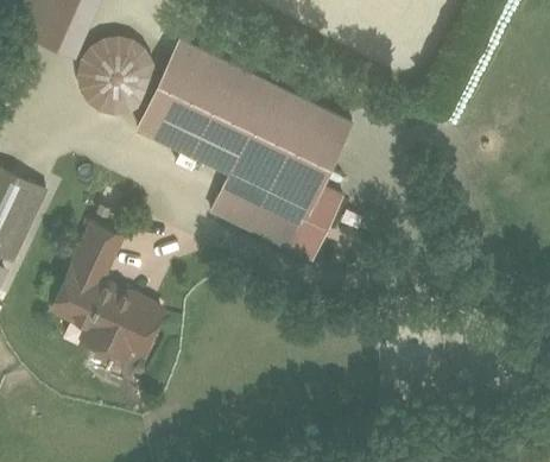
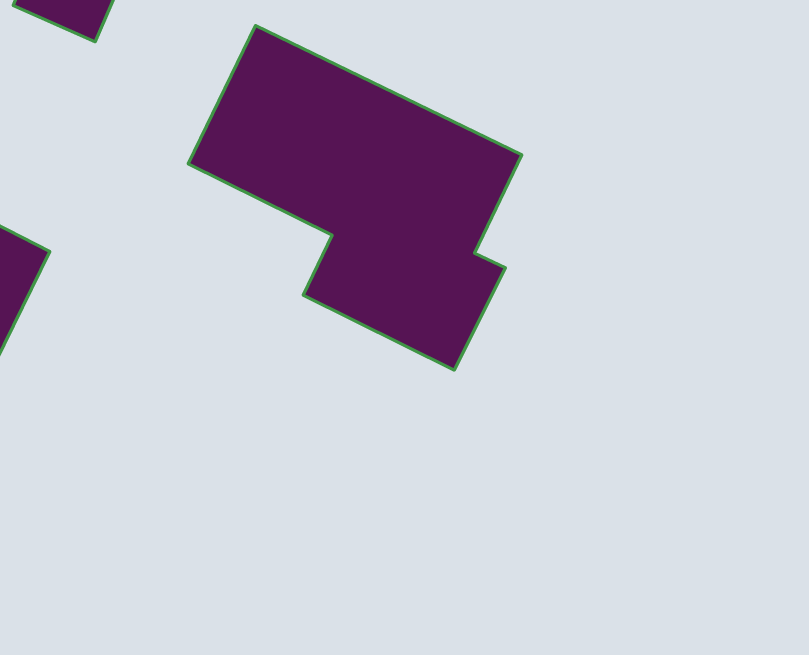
building: [80,36,153,110] -> none
building: [44,215,160,357] -> none

